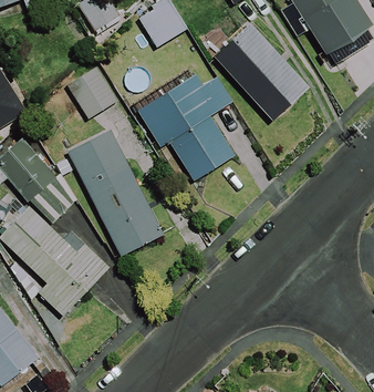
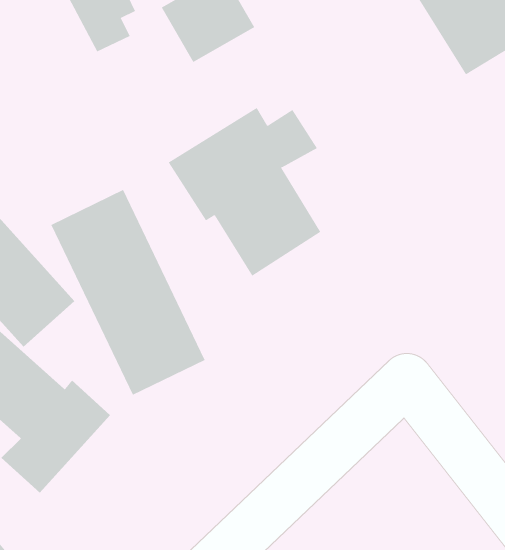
building: [214,22,312,121] -> none
building: [66,66,117,120] -> none

